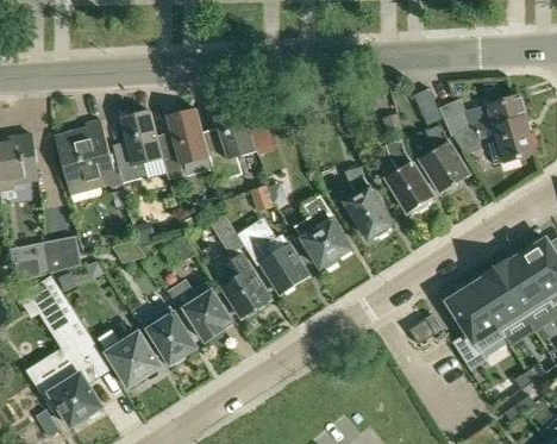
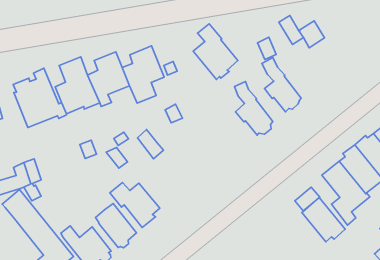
building: [474,94,533,163] -> none
building: [420,124,467,190] -> none
building: [294,195,351,269] -> [193,24,238,79]
building: [244,229,308,294] -> none
building: [220,255,269,318] -> none
building: none -> [302,198,345,242]

